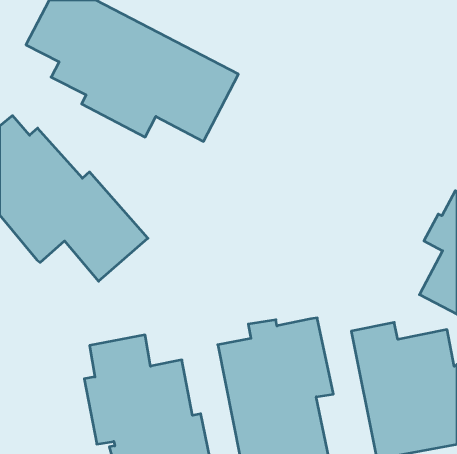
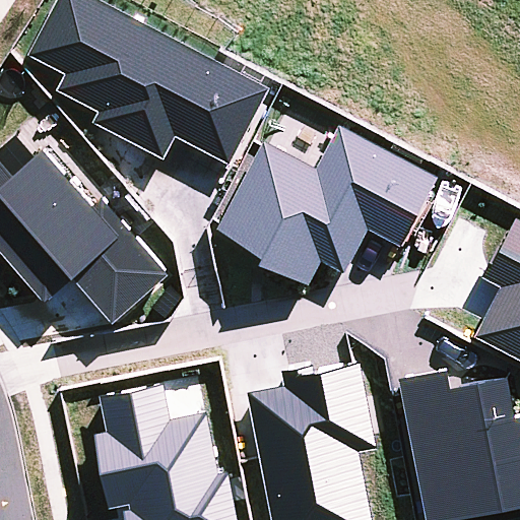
building: none -> [217,126,438,286]

